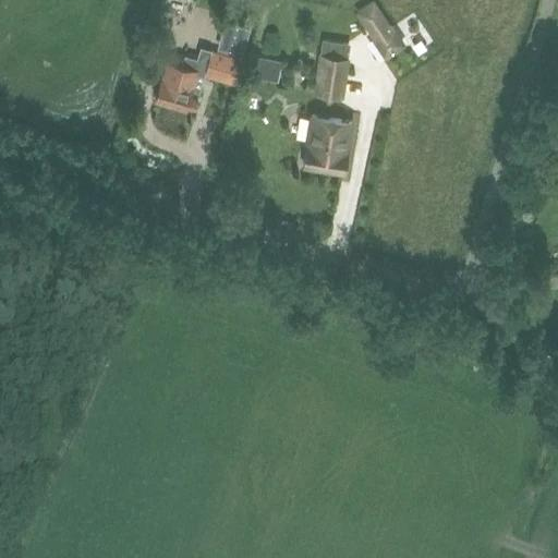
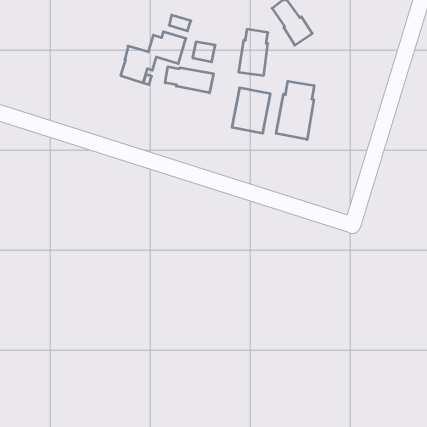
building: none -> [165,67,213,93]
building: none -> [276,81,314,140]

